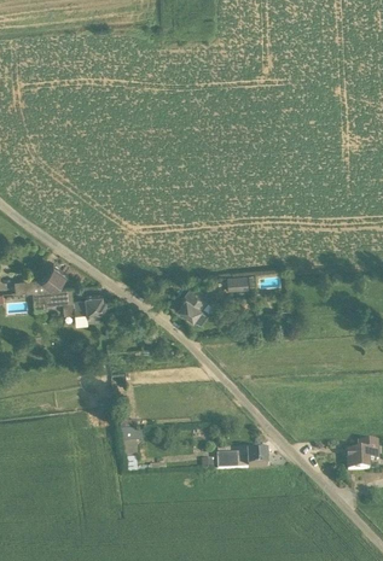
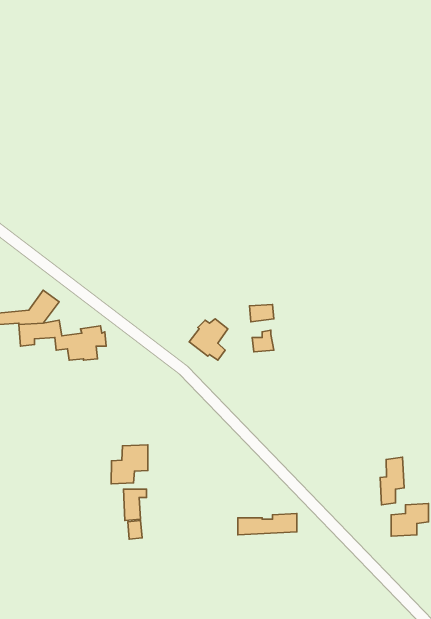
building: none -> [111,445,148,484]
building: none -> [380,457,404,505]

